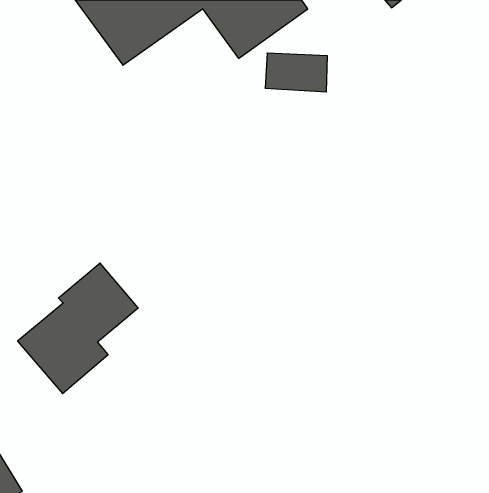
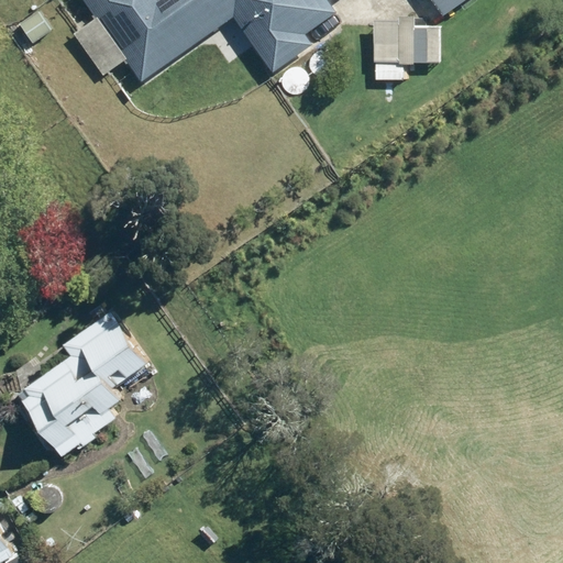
building: [265,53,327,92] -> [371,19,441,63]

